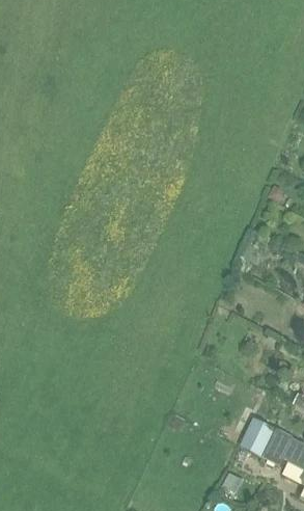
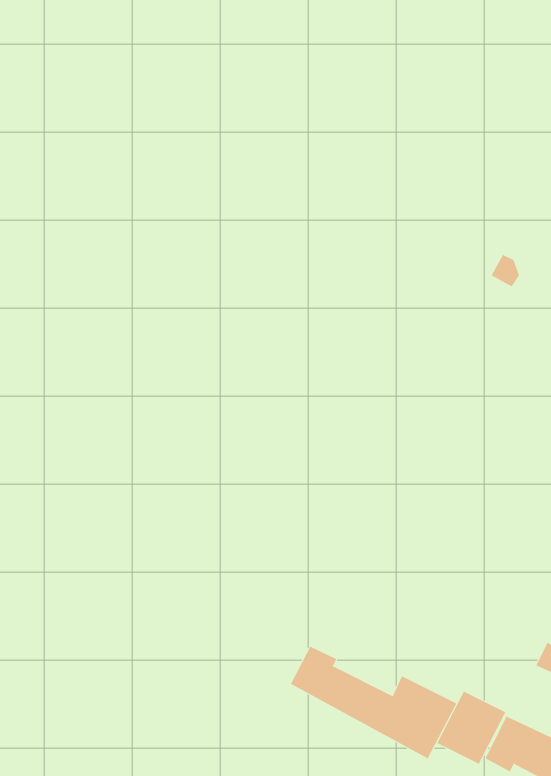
building: none -> [290,646,457,759]

